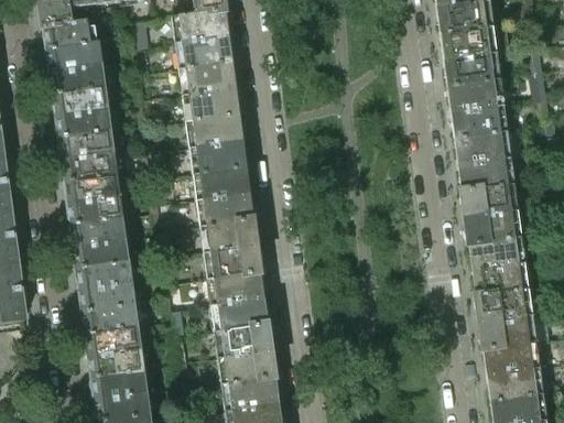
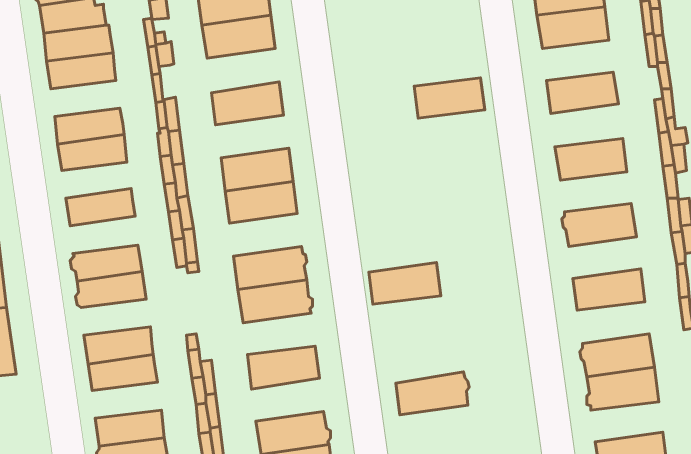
building: [444,53,500,85] -> [414,78,485,118]
building: [177,59,235,95] -> none
building: [53,85,108,113] -> none
building: [451,104,508,138] -> none
building: [184,112,242,147] -> none
building: [62,150,117,178] -> none
building: [458,158,514,189] -> none
building: [195,191,252,225] -> none
building: [68,193,122,223] -> none
building: [465,209,522,242] -> none
building: [77,259,132,288] -> none
building: [471,261,529,294] -> none
building: [206,270,263,303] -> [369,263,441,304]
building: [213,322,271,356] -> [396,372,469,415]
building: [86,325,141,354] -> none
building: [482,340,540,372] -> none

